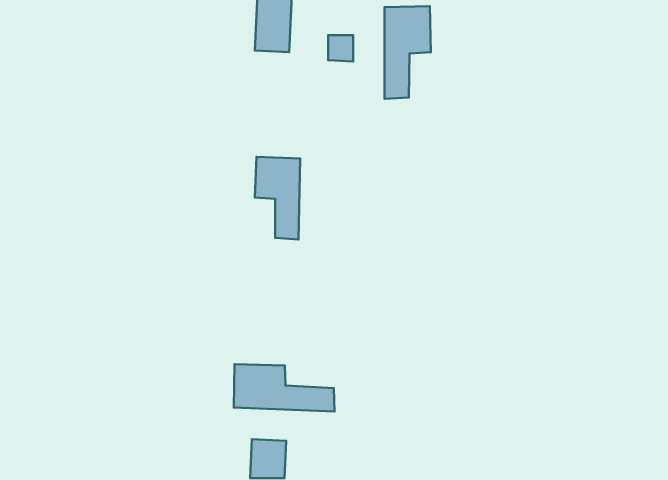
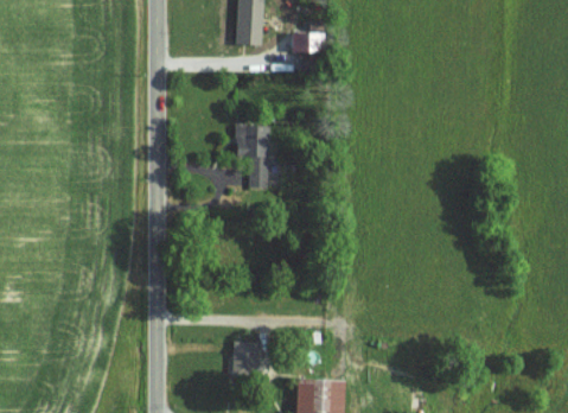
building: [385,6,431,99] -> none
building: [234,364,334,412] -> none

